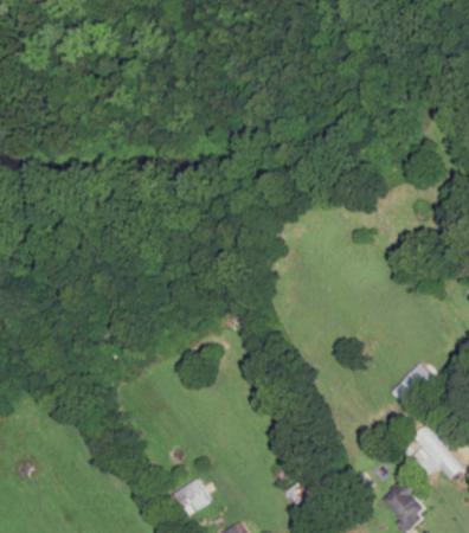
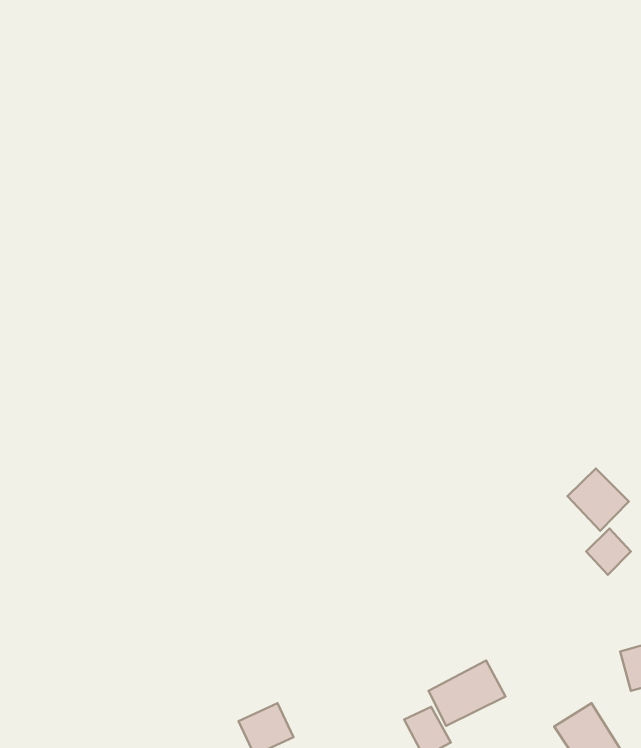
building: none -> [567,468,629,531]
building: none -> [429,661,505,726]

